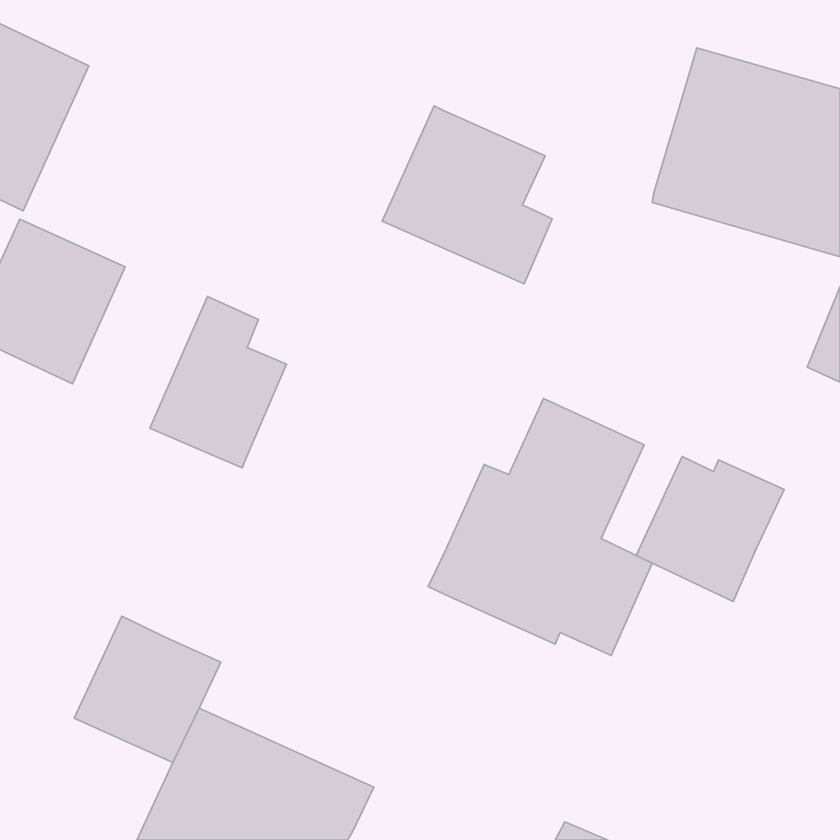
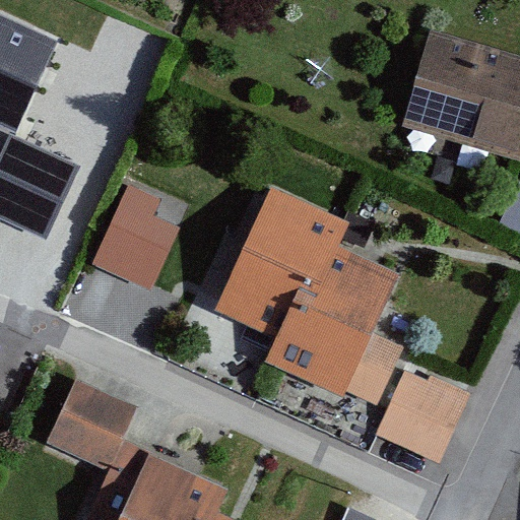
building: [382,106,552,284] -> none
building: none -> [211,186,346,340]
building: [636,457,784,602] -> [378,373,469,462]

